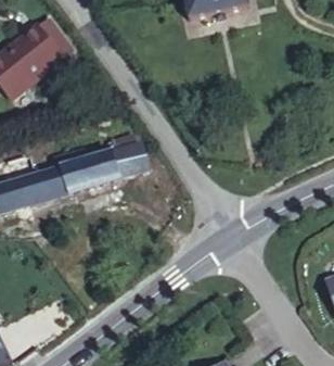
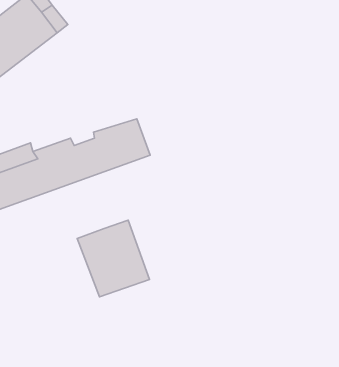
building: none -> [77,220,150,297]

